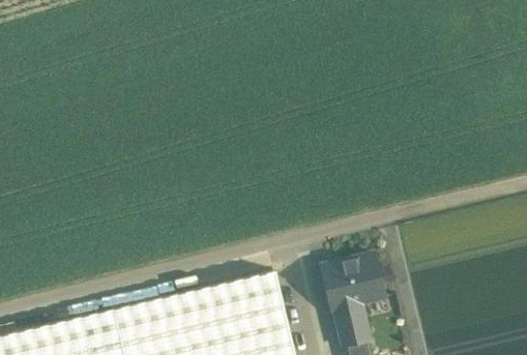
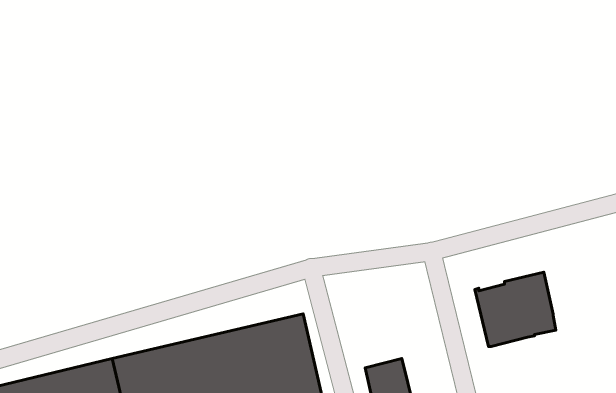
building: [317,254,379,310] -> [475,272,556,347]

